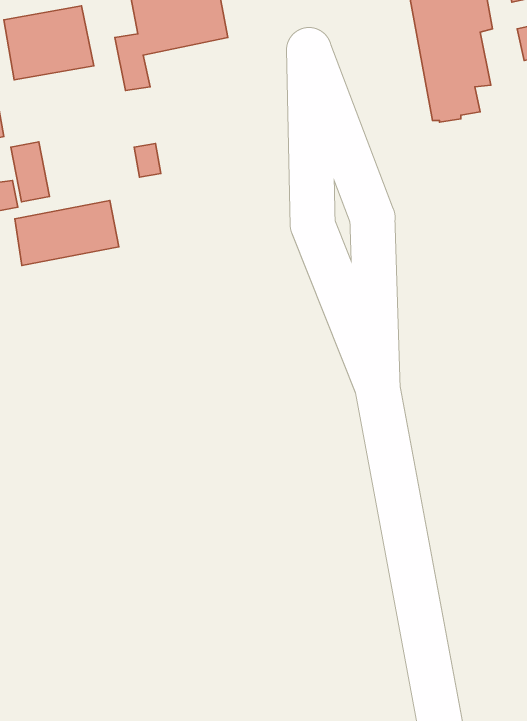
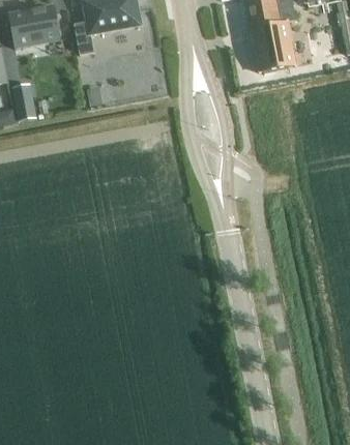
building: [15,201,119,266] -> none

